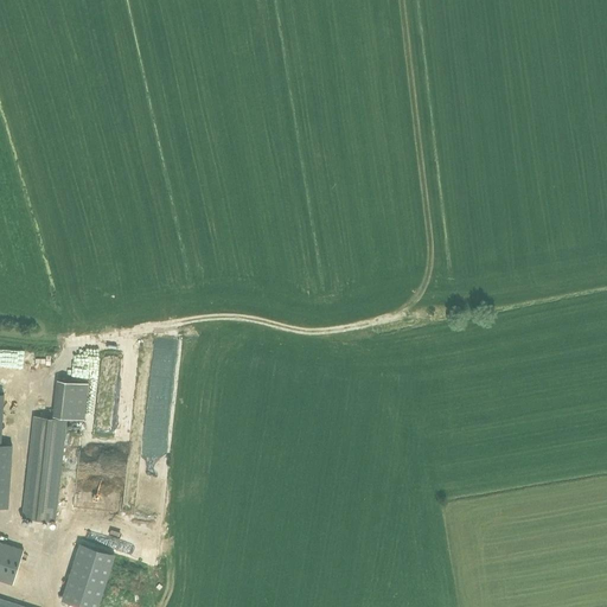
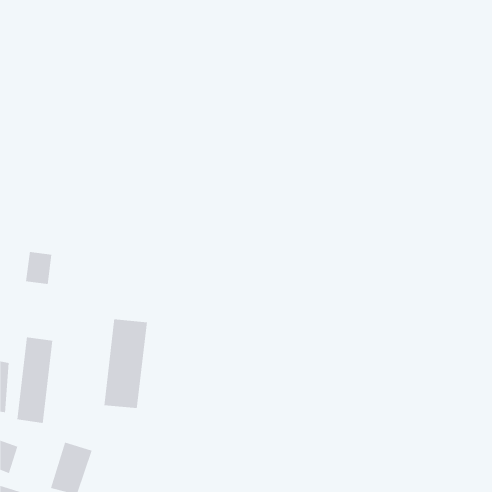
building: [55,381,88,421] -> [25,252,52,284]
building: none -> [104,319,147,409]

